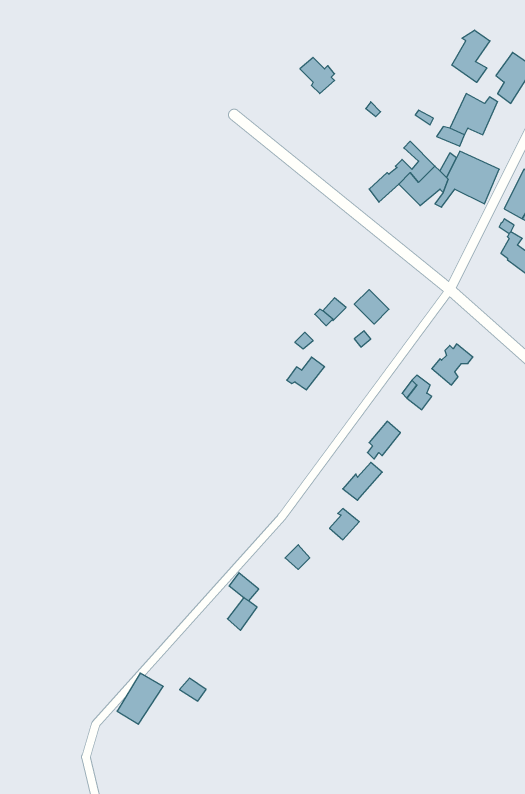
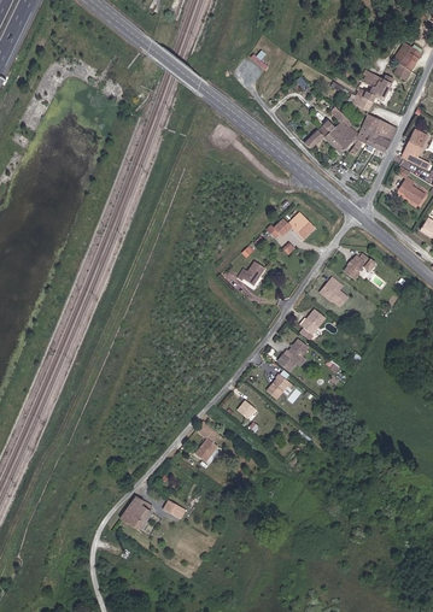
building: [452,30,490,82] -> none

